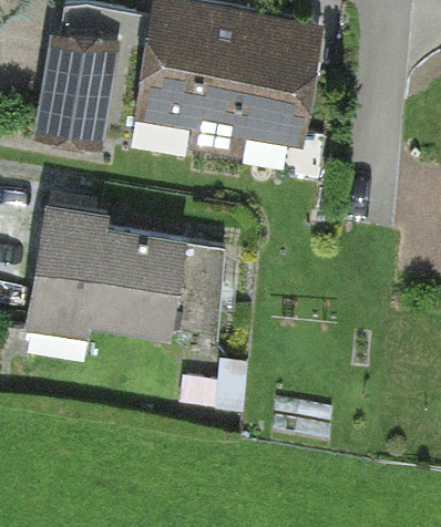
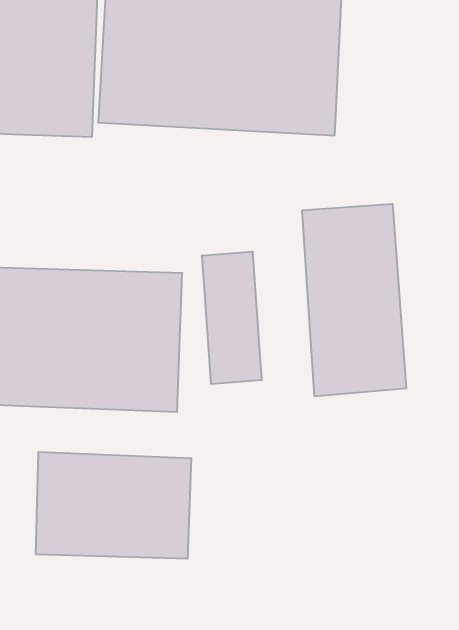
building: none -> [302,204,406,396]
building: none -> [36,452,191,559]

